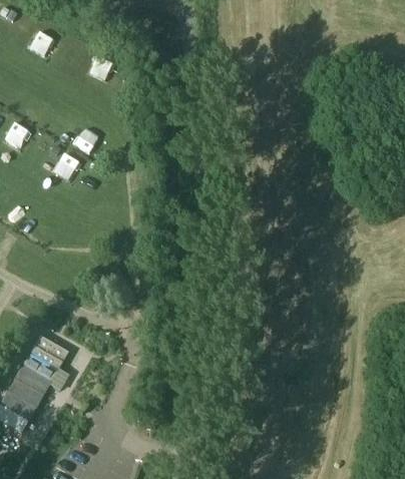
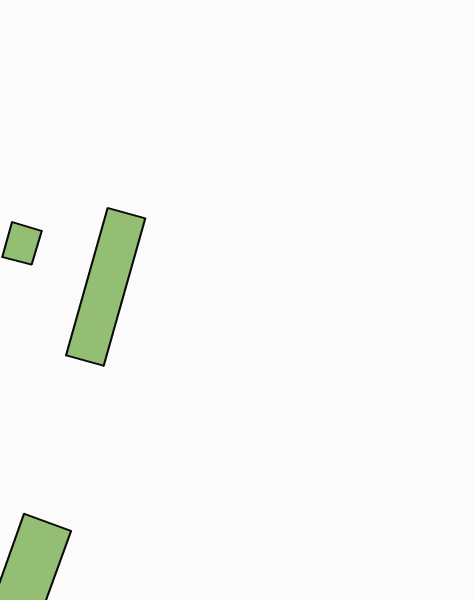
building: none -> [66,208,145,366]

